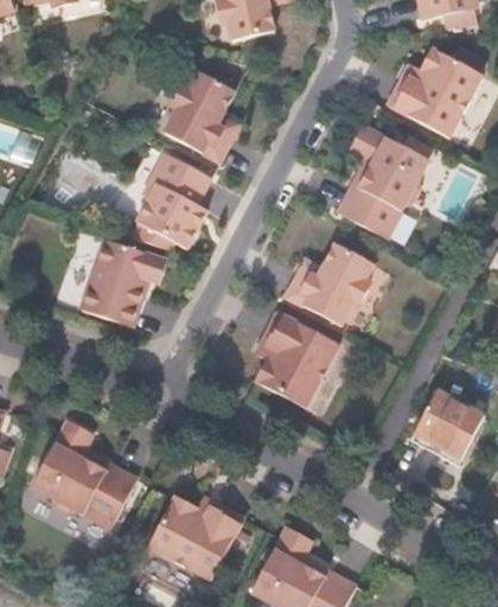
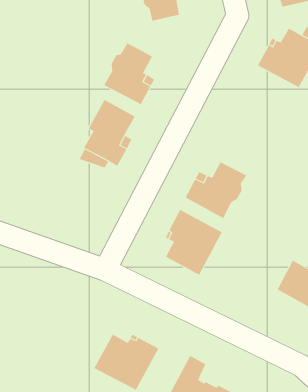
building: [336,126,428,239] -> none
building: [78,242,164,330] -> none
building: [37,420,140,526] -> none

